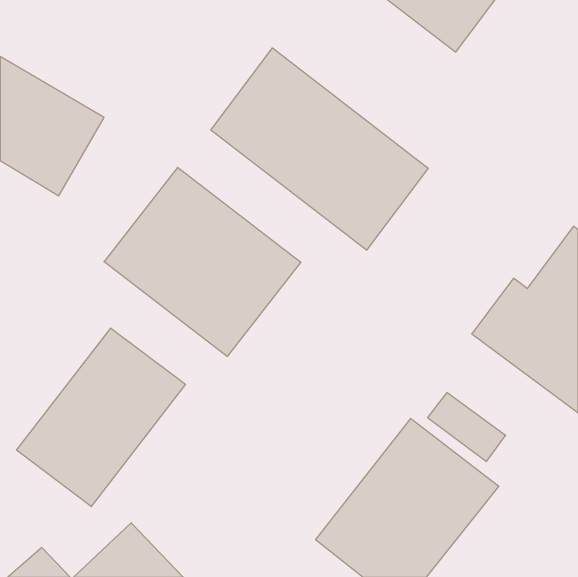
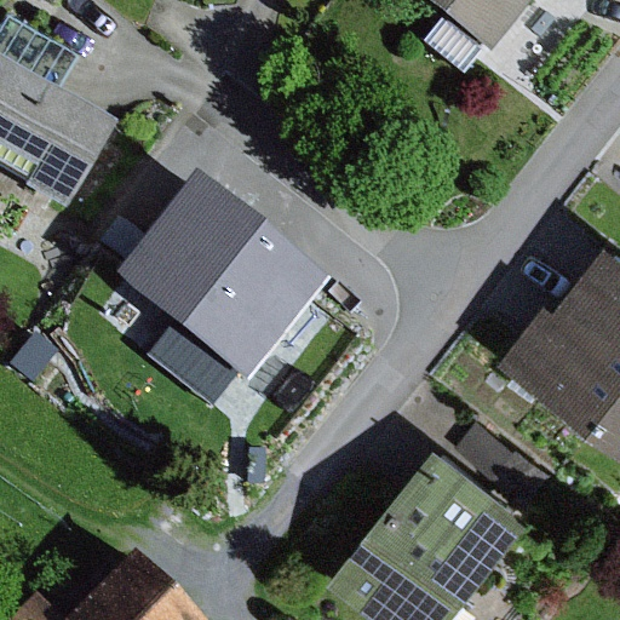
building: [211,48,428,250] -> none
building: [17,328,185,507] -> none

